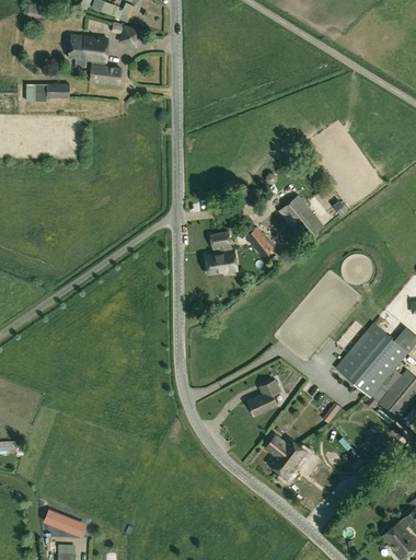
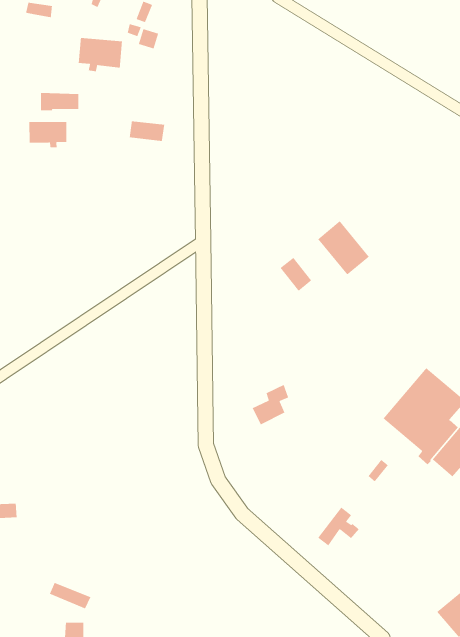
building: [90,65,122,83] -> [129,120,165,142]
building: none -> [29,121,67,148]
building: [205,232,238,273] -> none
building: [247,378,280,415] -> [252,384,289,425]
building: [266,434,299,470] -> none

